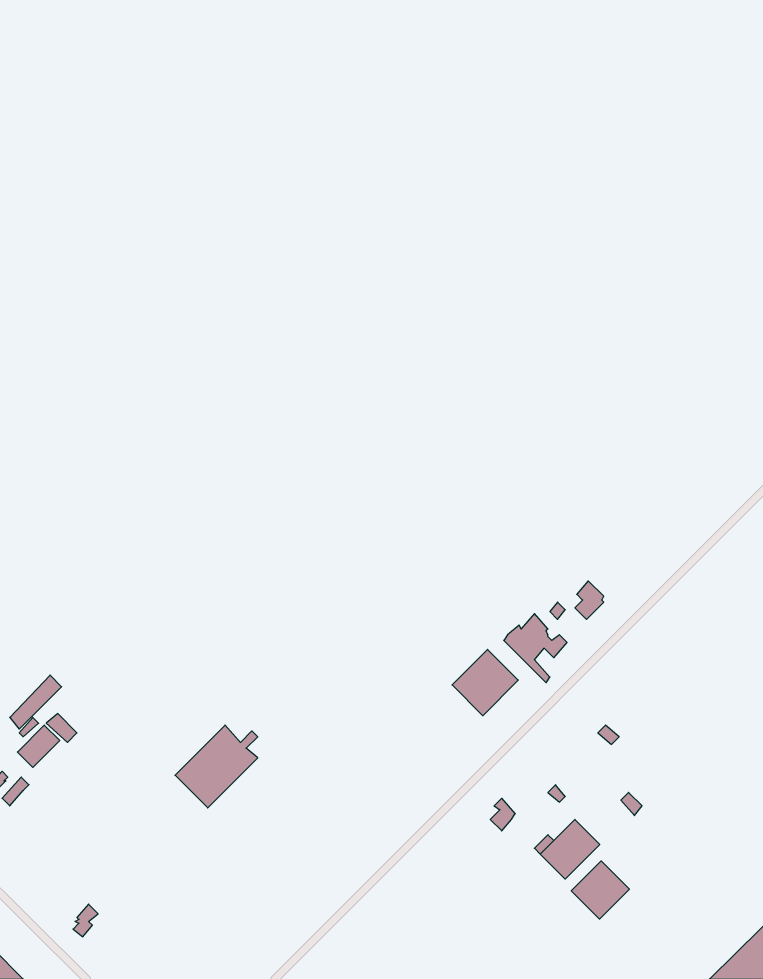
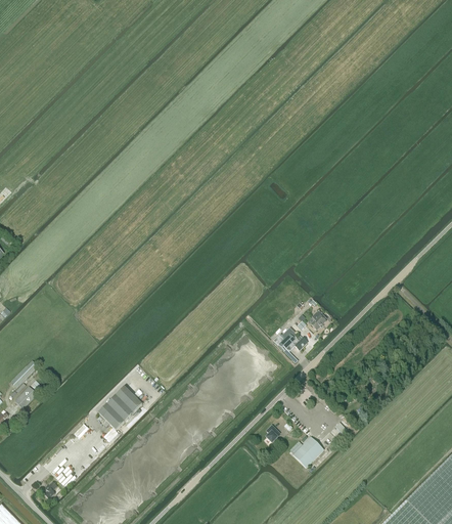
building: [452,649,518,716] -> none
building: [571,861,629,919] -> none

